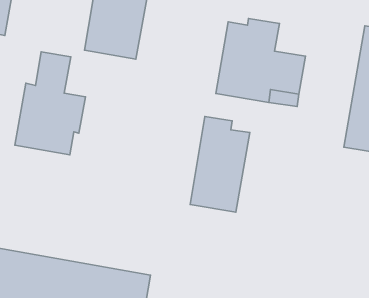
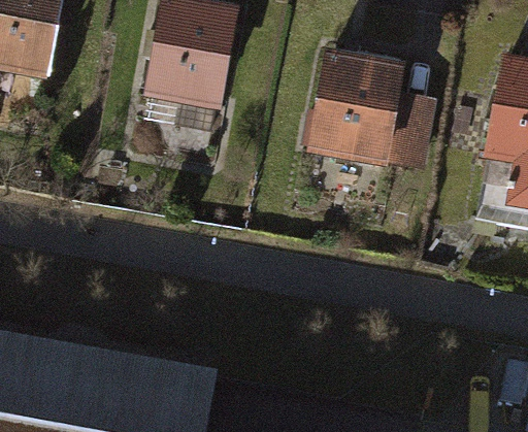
building: [15,52,85,155] -> none
building: [190,116,250,212] -> none

